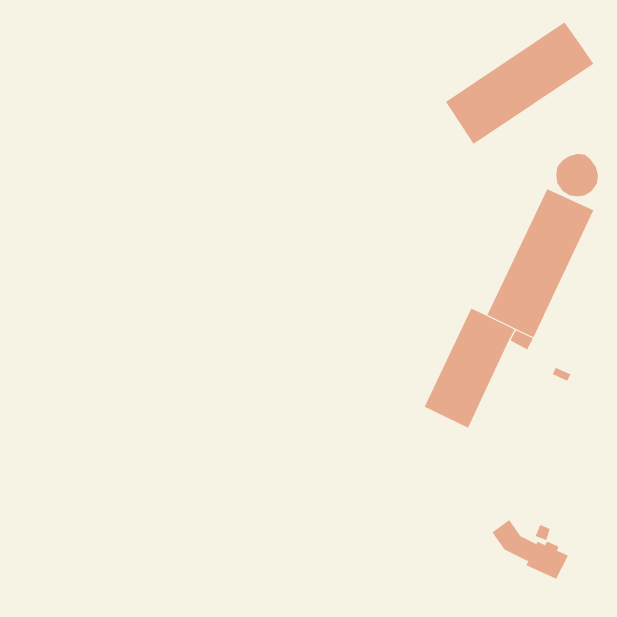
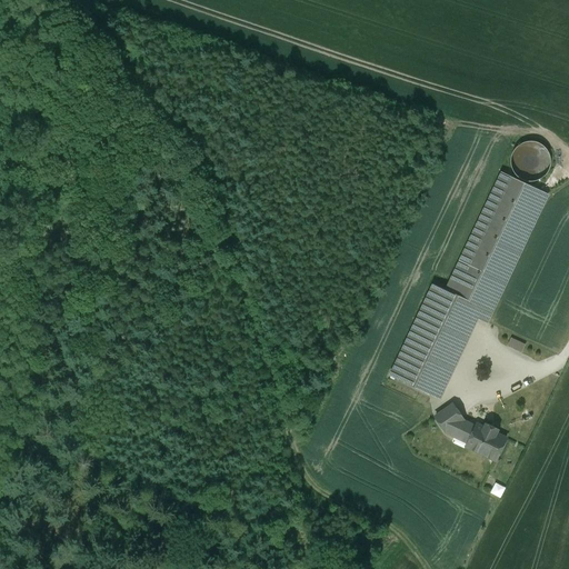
building: [445,21,594,145] -> none
building: [491,519,569,580] -> [436,405,507,460]

